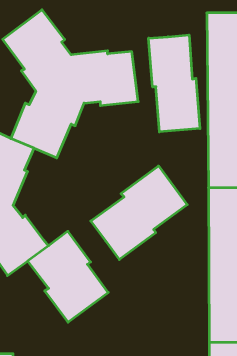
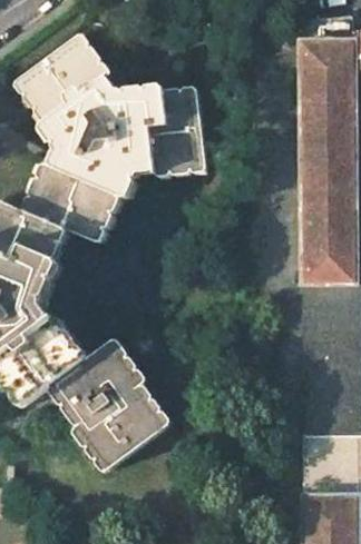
building: [149,35,200,132] -> none
building: [91,166,187,260] -> none

